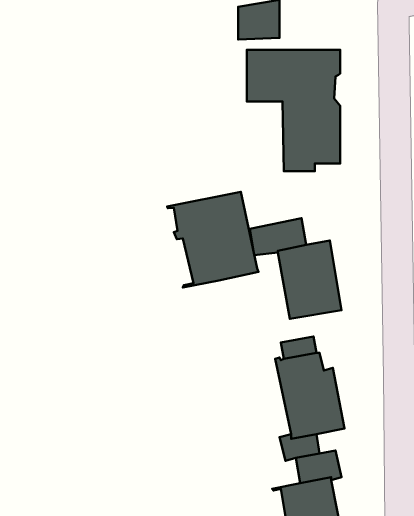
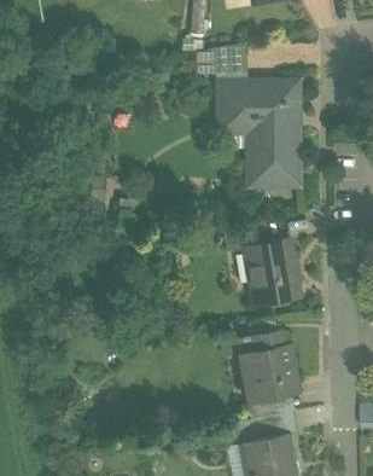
building: [167,192,259,287] -> none

